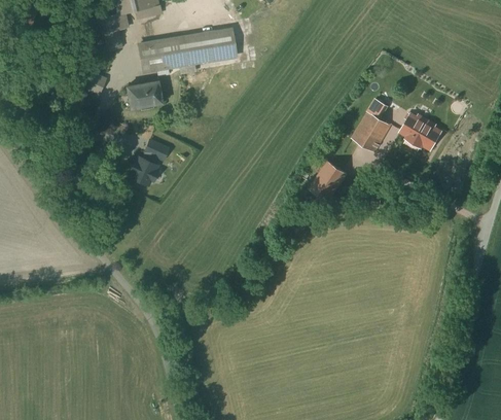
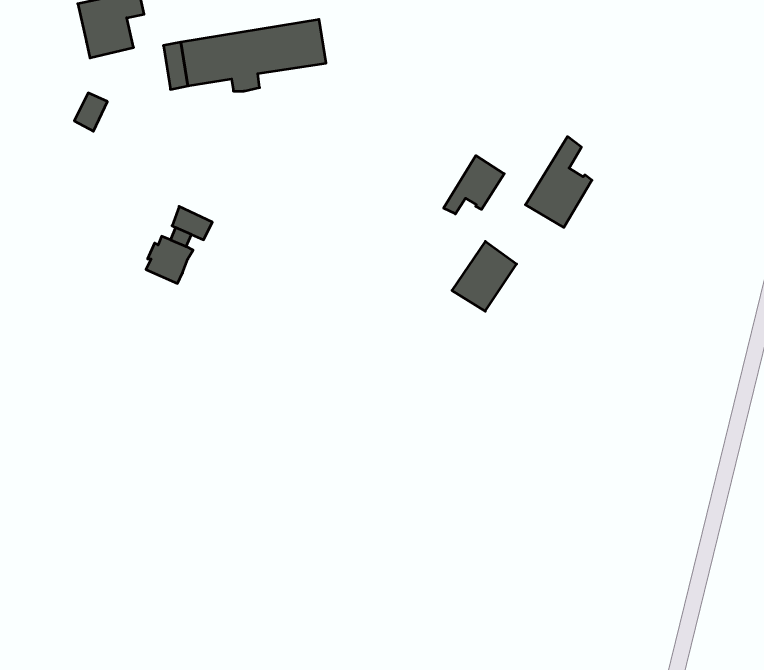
building: [128,79,164,108] -> none
building: none -> [444,156,504,214]
building: [401,113,441,148] -> none

